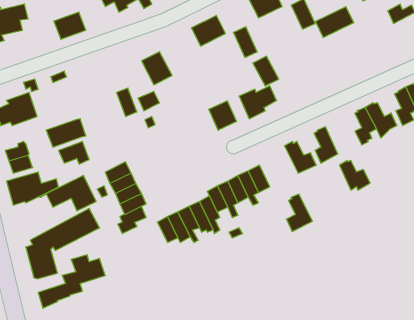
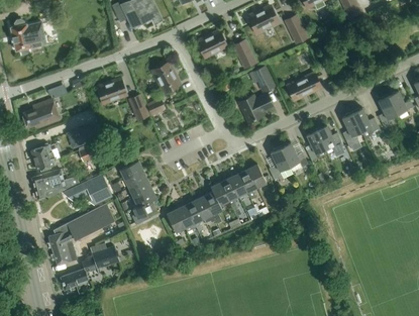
building: [315,7,354,37] -> [287,73,321,100]
building: [54,12,86,39] -> [98,79,126,103]
building: [209,101,236,130] -> none
building: [340,161,370,190] -> [316,125,343,151]
building: [286,194,312,232] -> [269,146,292,180]

